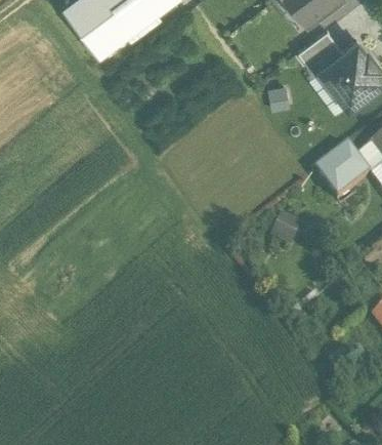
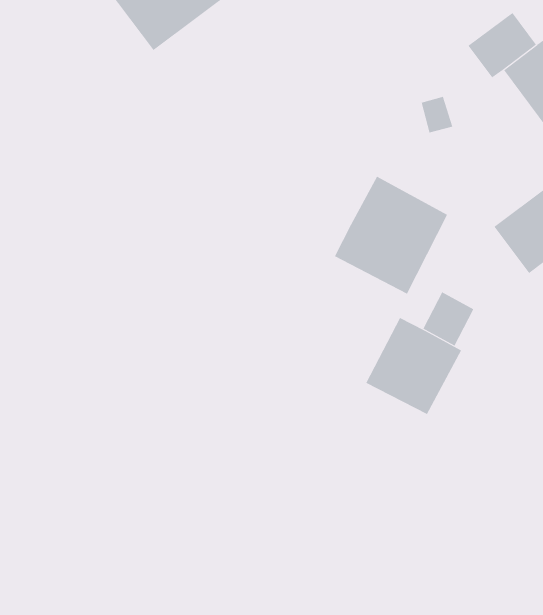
building: none -> [334,176,448,295]
building: none -> [365,317,462,415]

